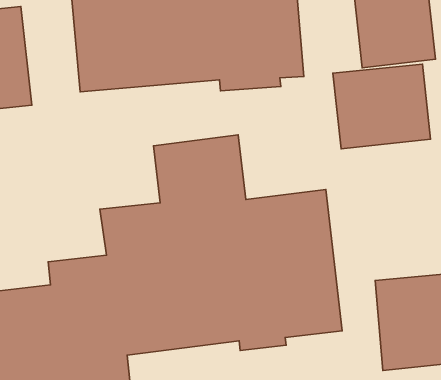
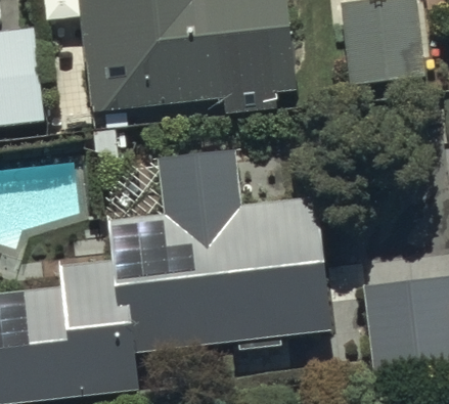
building: [333,64,430,149] -> none

